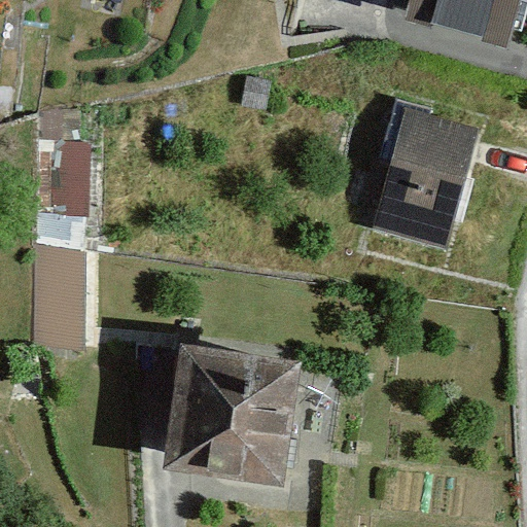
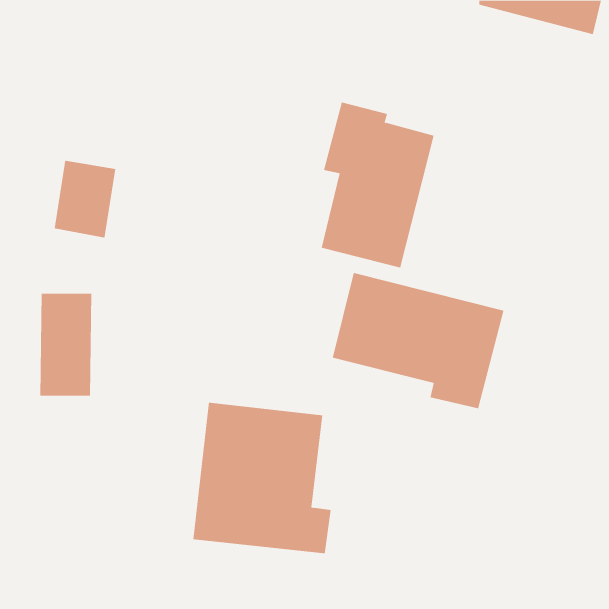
building: [378,102,476,245] -> [321,102,434,268]
building: none -> [332,272,504,409]

